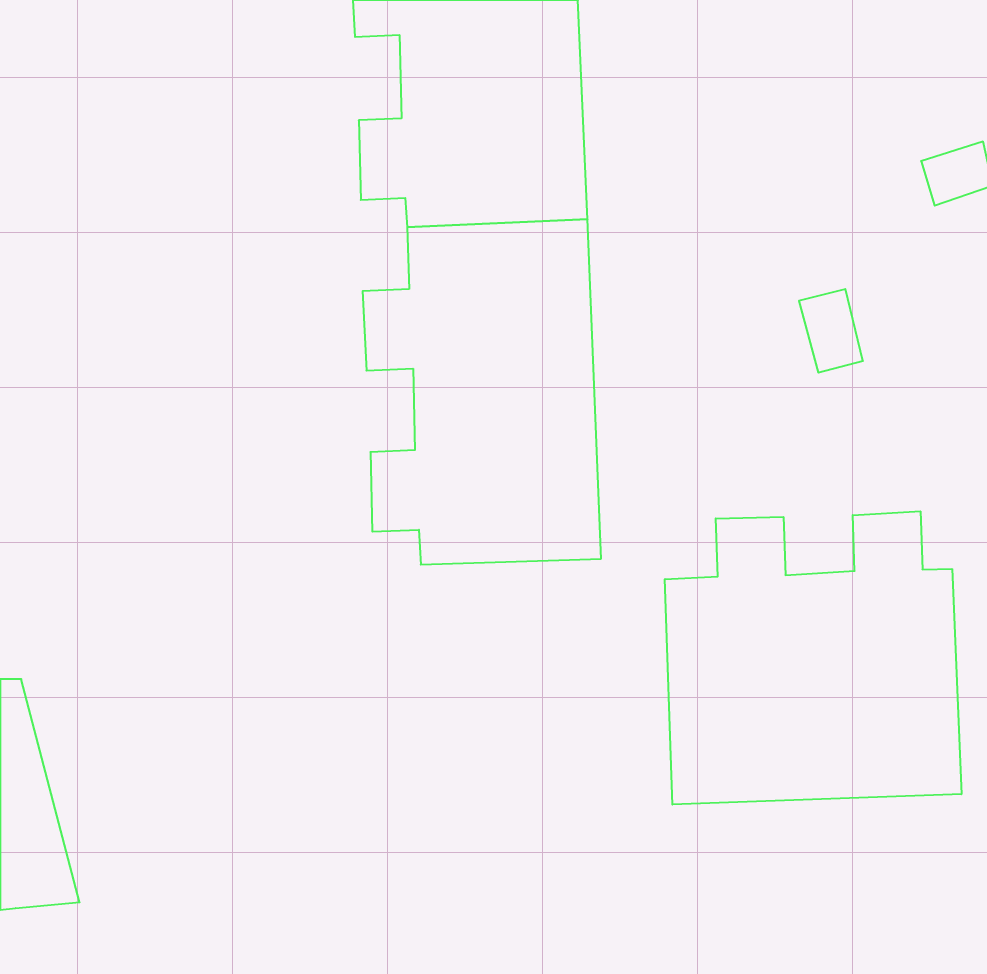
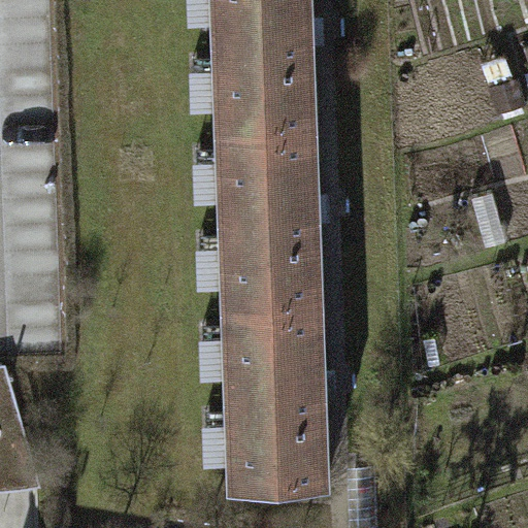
building: [665,511,961,805] -> none
building: none -> [201,306,329,489]

